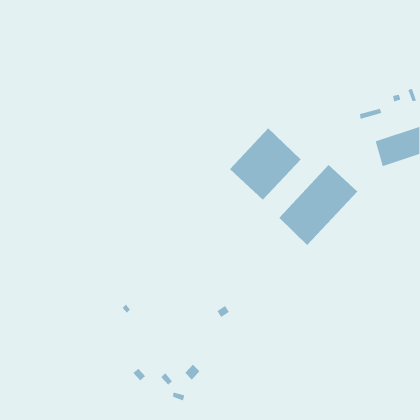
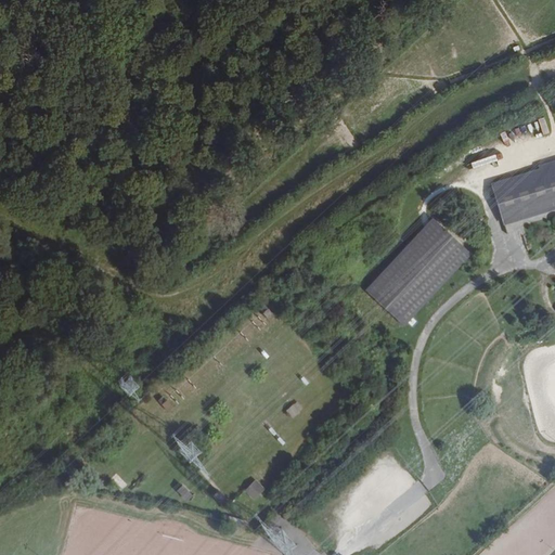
building: [229,127,302,200] -> none

